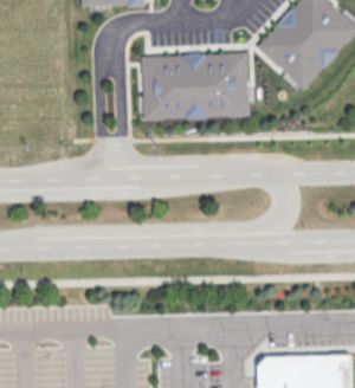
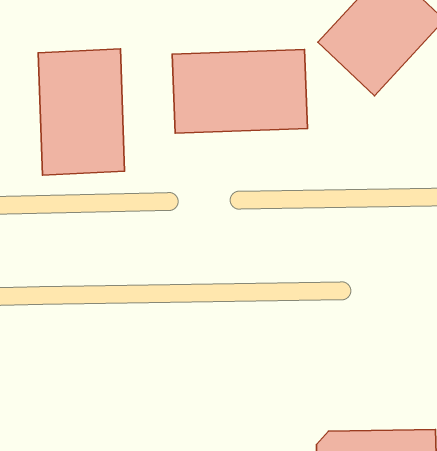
building: none -> [38,49,125,175]

